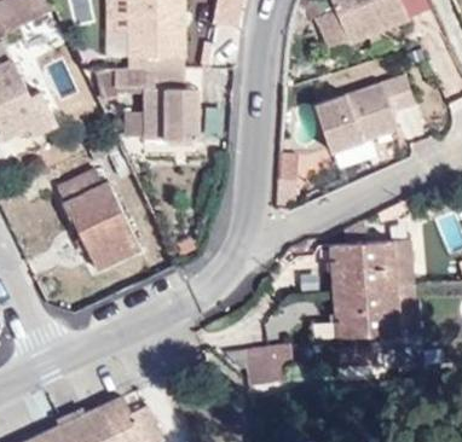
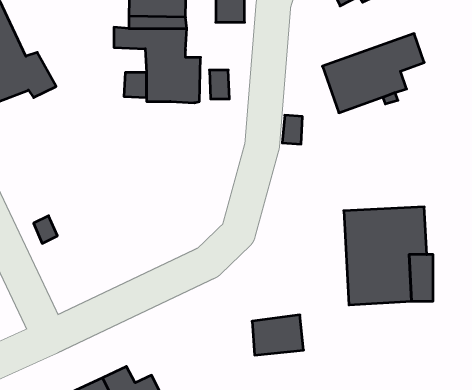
building: [56,169,138,268] -> none

